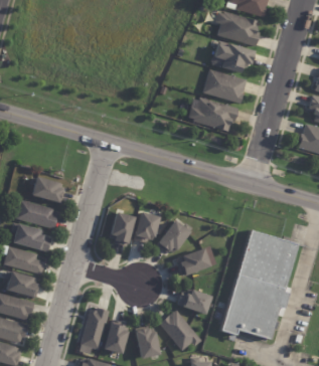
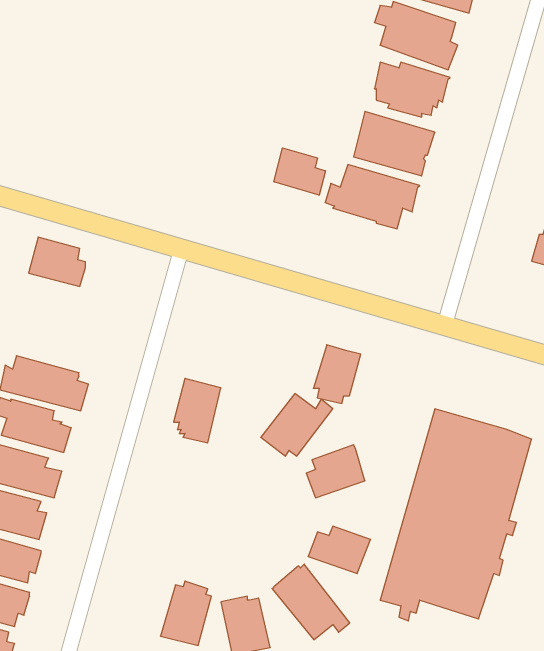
building: none -> [274,148,325,195]
building: [35,175,65,201] -> [29,237,85,286]
building: [135,212,160,243] -> [313,345,361,403]
building: [78,307,108,349] -> none

